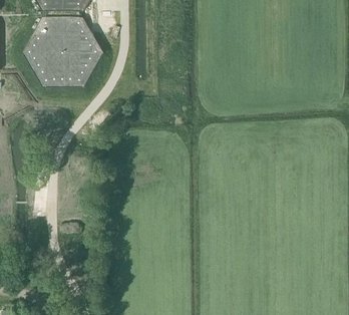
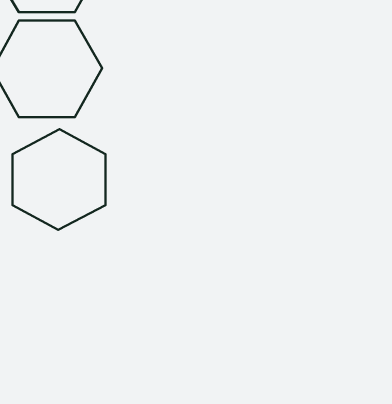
building: none -> [12,129,105,230]

